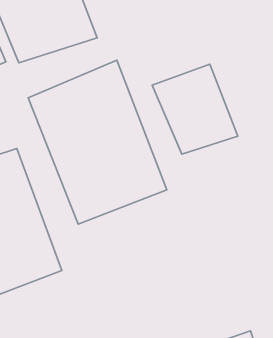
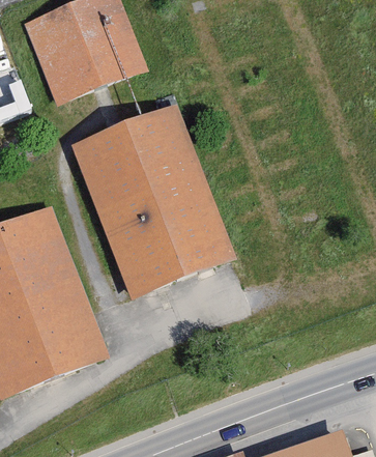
building: [152,64,238,154] -> none

